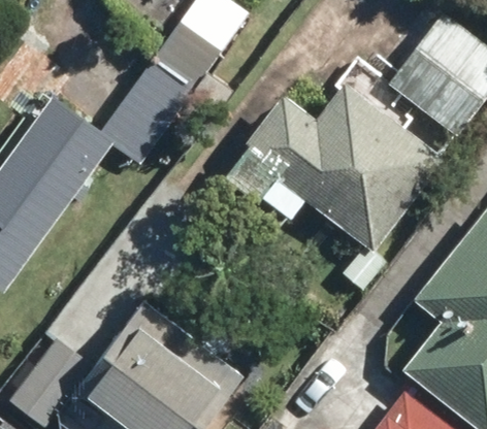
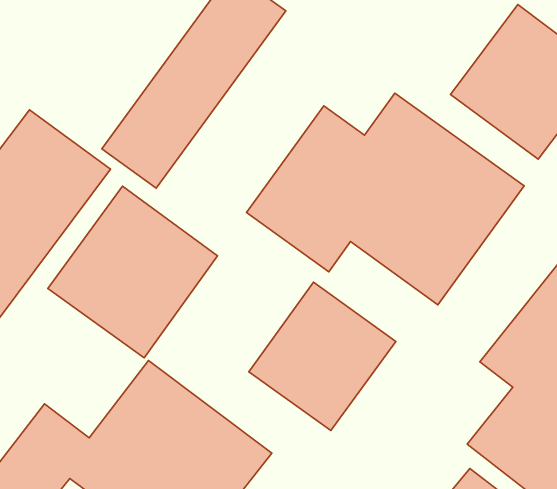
building: none -> [48,186,218,358]
building: none -> [249,282,396,430]

